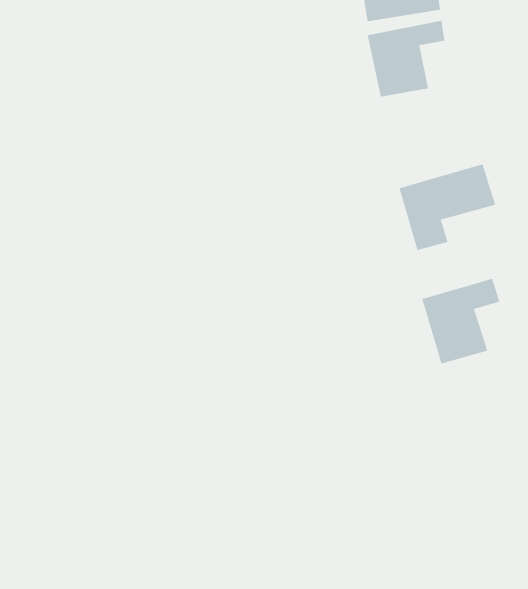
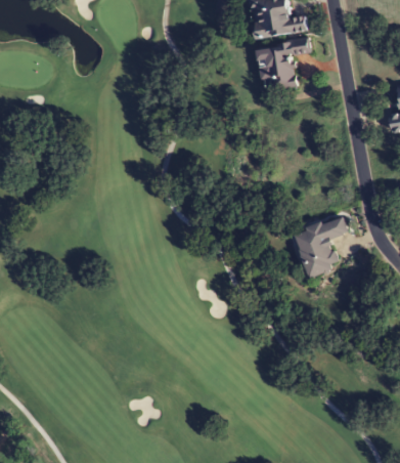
building: [399,163,496,251] -> none

